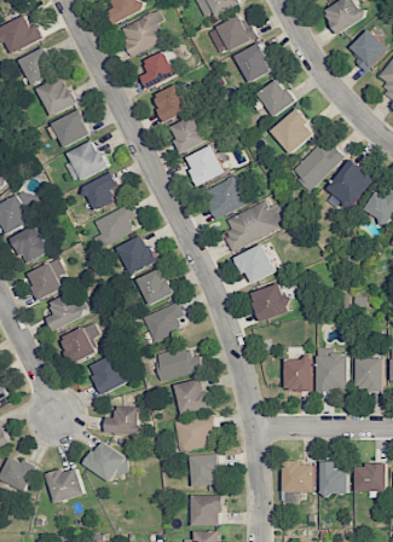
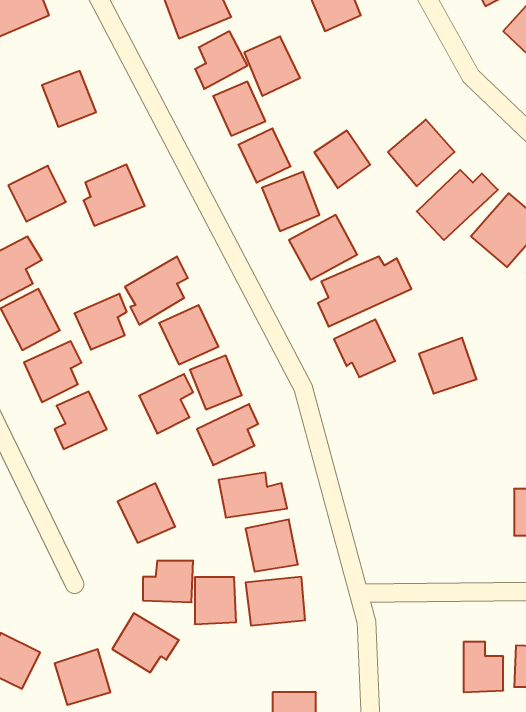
building: [235,44,272,83] -> [244,36,300,96]
building: [18,48,56,86] -> none
building: [256,79,294,117] -> [314,131,370,188]
building: [51,110,89,148] -> [8,166,66,222]
building: [82,173,117,211] -> [74,294,127,350]
building: [250,283,289,321] -> [419,338,477,394]
building: [62,323,98,363] -> [139,374,193,434]
building: [316,347,347,392] -> none
building: [284,358,311,391] -> none
building: [191,455,219,486] -> [195,577,236,624]
building: [282,462,313,492] -> none

